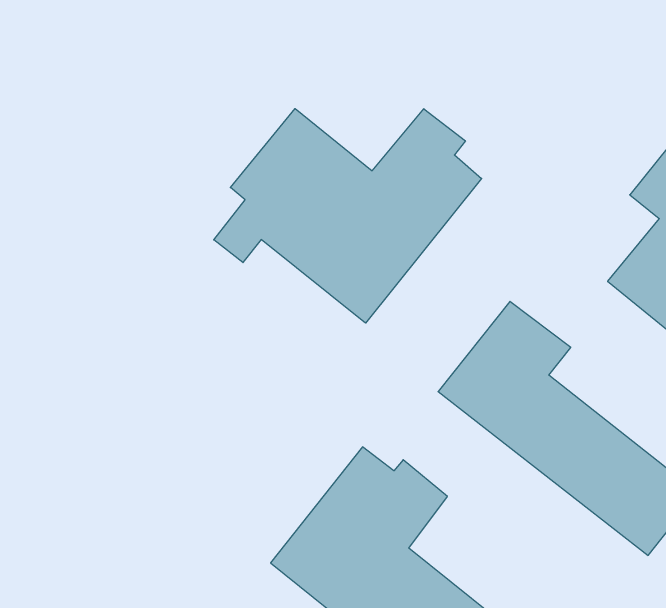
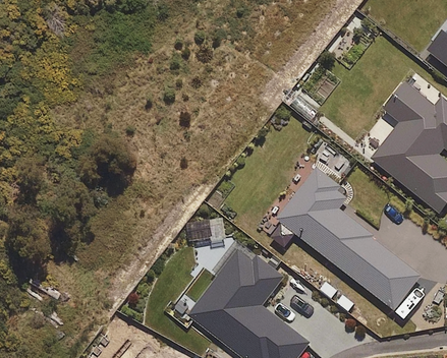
building: [214,109,482,323] -> none

